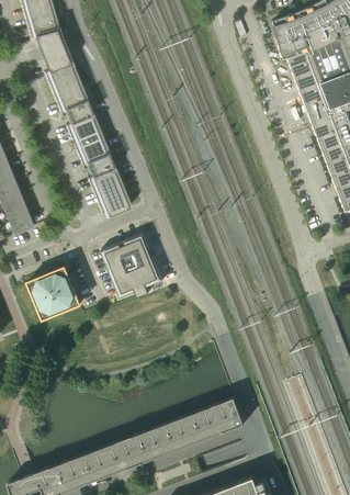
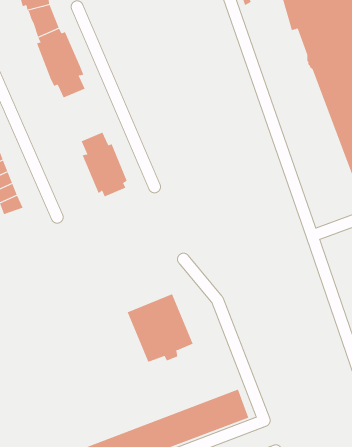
building: [66,114,110,166] -> none
building: [100,234,162,299] -> [127,293,194,362]
building: [27,267,80,319] -> none

